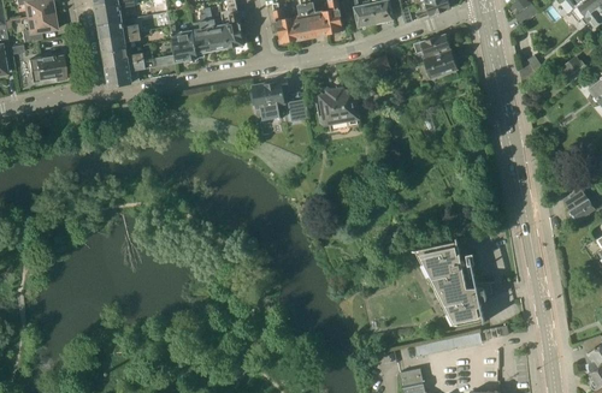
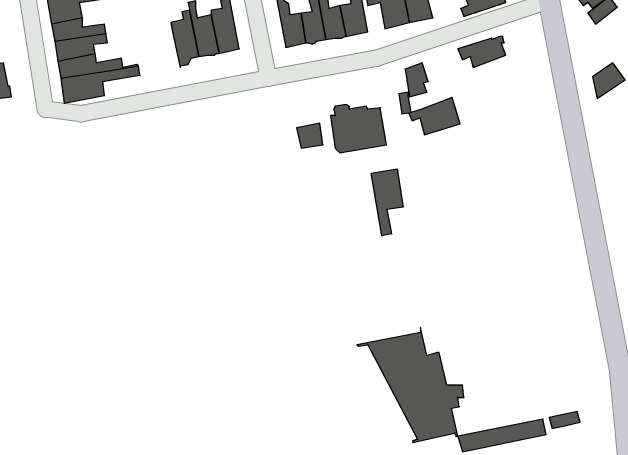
building: [170,24,199,62] -> none
building: [418,48,458,77] -> [409,98,460,135]
building: [253,77,290,119] -> none
building: none -> [371,169,403,236]
building: [407,237,490,326] -> [357,328,464,442]

